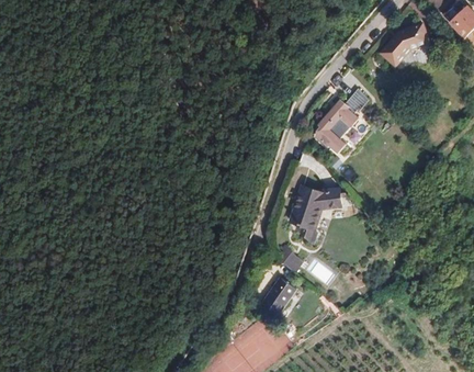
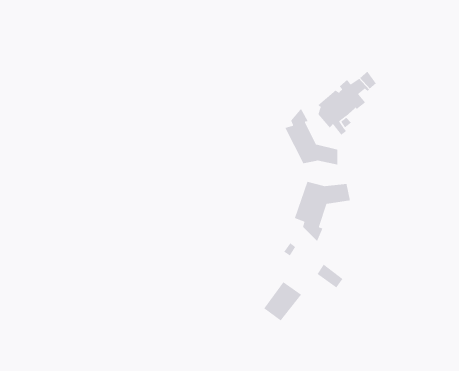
building: [384,25,433,67] -> none
building: none -> [284,108,338,165]

